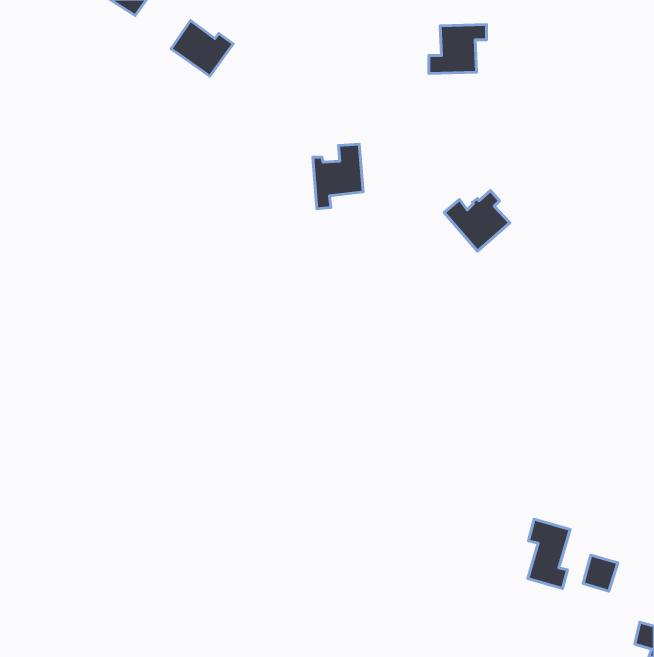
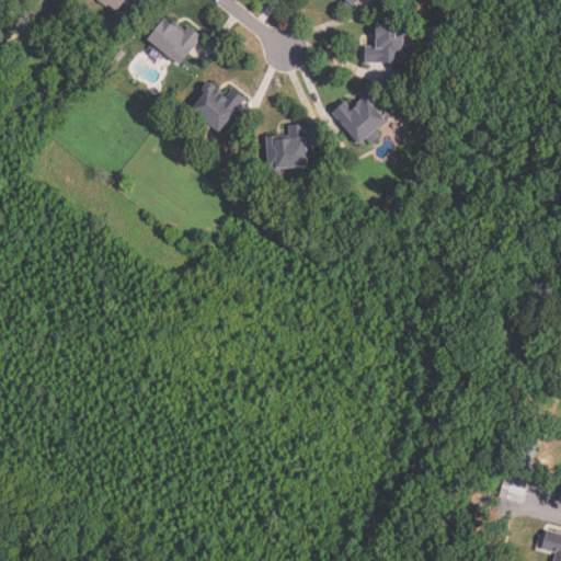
building: none -> [192,80,245,135]
building: [444,191,510,251] -> [331,92,387,144]
building: [528,519,570,589] -> none

